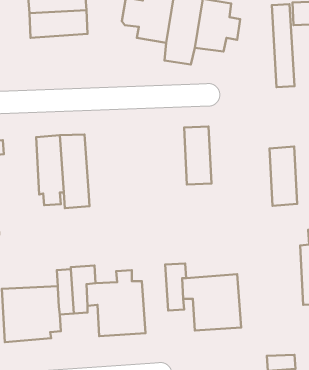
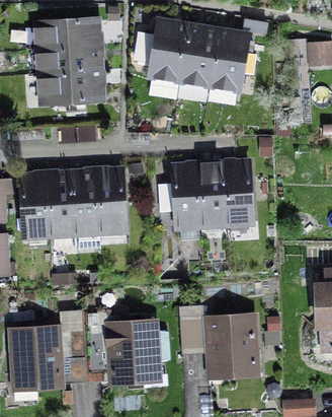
building: none -> [40,69,101,103]
building: none -> [158,165,201,226]
building: none -> [96,170,126,230]
building: none -> [20,176,50,235]
building: [269,147,297,206] -> [224,162,252,223]

